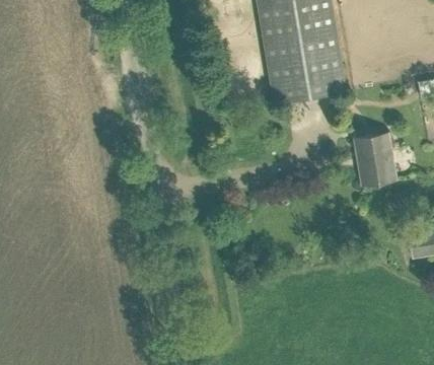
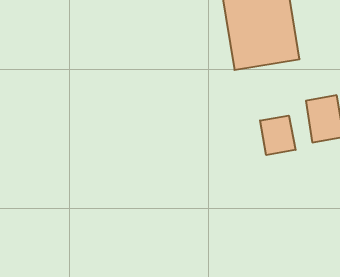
building: none -> [260,116,296,155]

